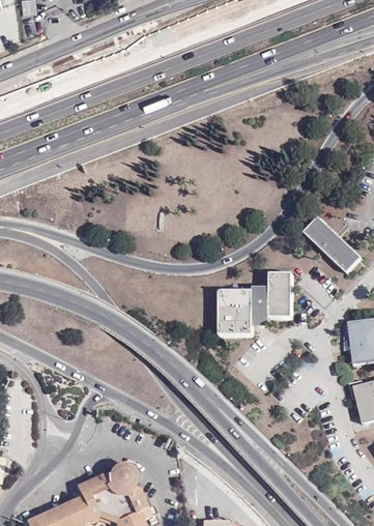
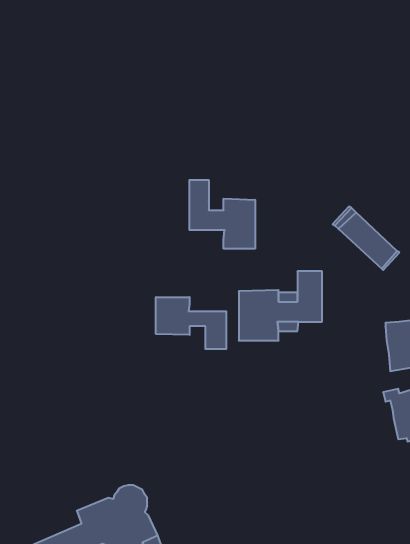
building: none -> [189,180,255,249]
building: none -> [156,297,226,349]

